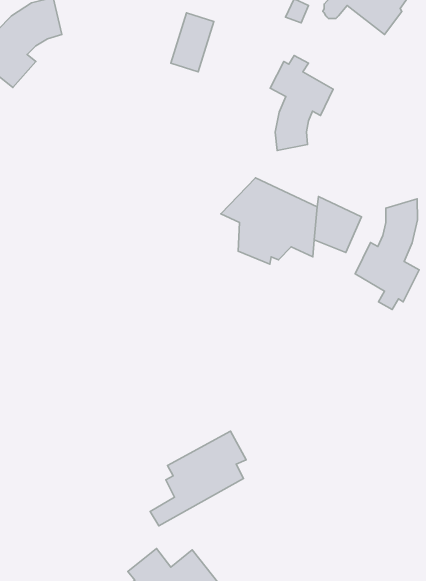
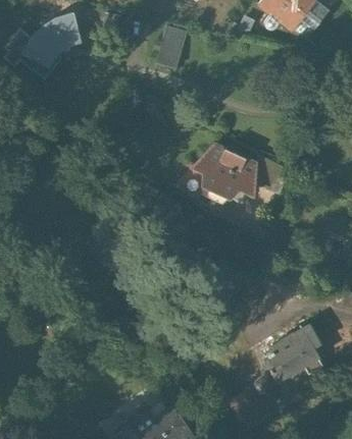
building: [270,55,333,150] -> none
building: [355,199,419,309] -> none
building: [150,431,246,526] -> [254,325,322,392]

